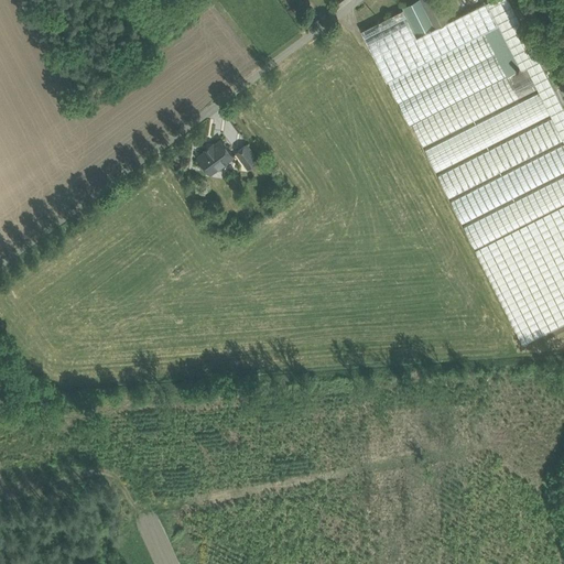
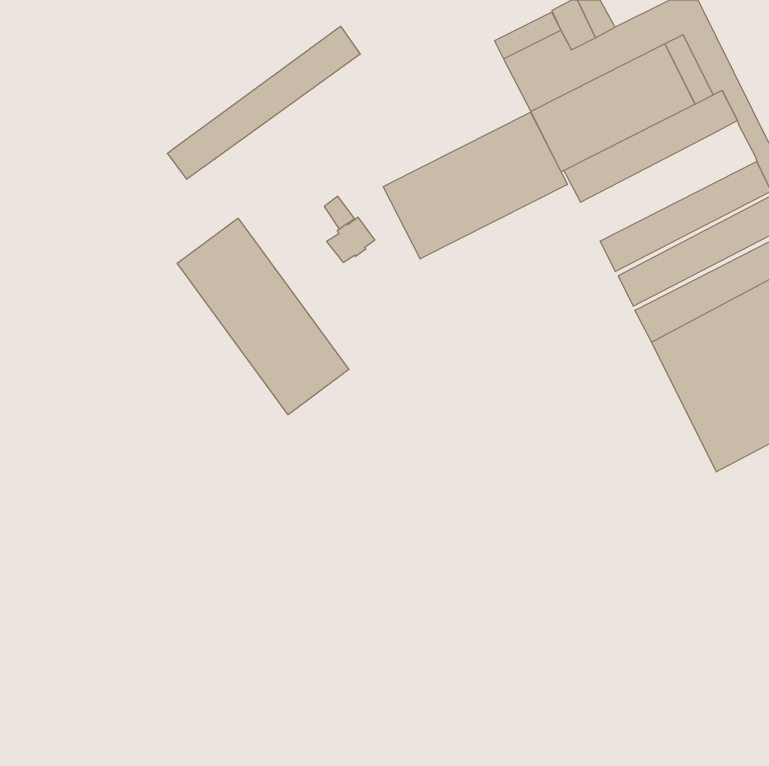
building: none -> [167,26,360,179]
building: none -> [383,112,567,259]
building: [426,95,553,176] -> none
building: [199,142,235,175] -> [327,217,375,262]
building: none -> [177,218,349,415]

